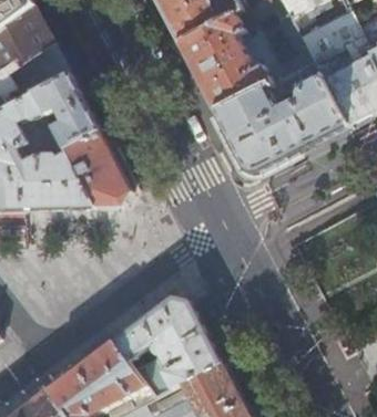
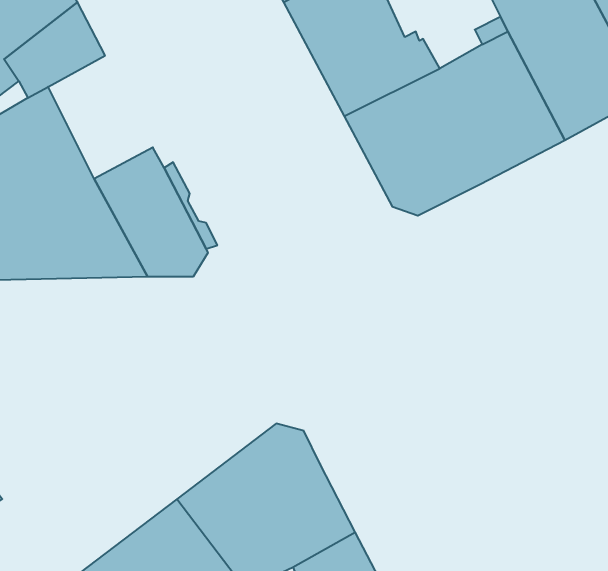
building: [34,73,98,147] -> none

